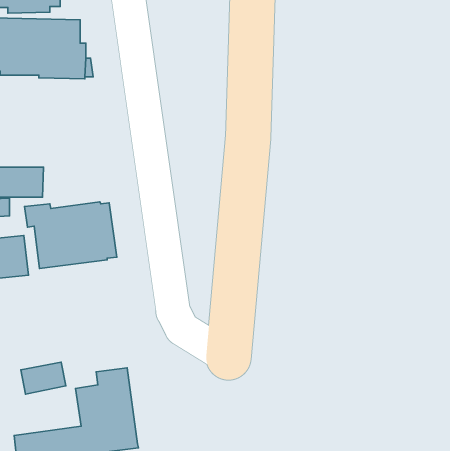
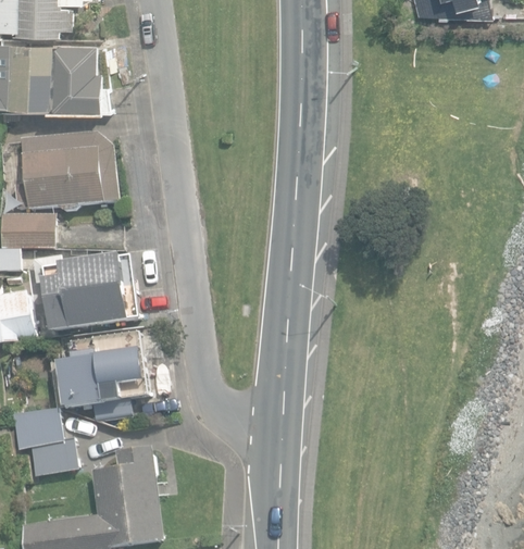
building: none -> [12,133,117,212]
building: none -> [57,334,145,421]
building: none -> [11,408,63,449]

